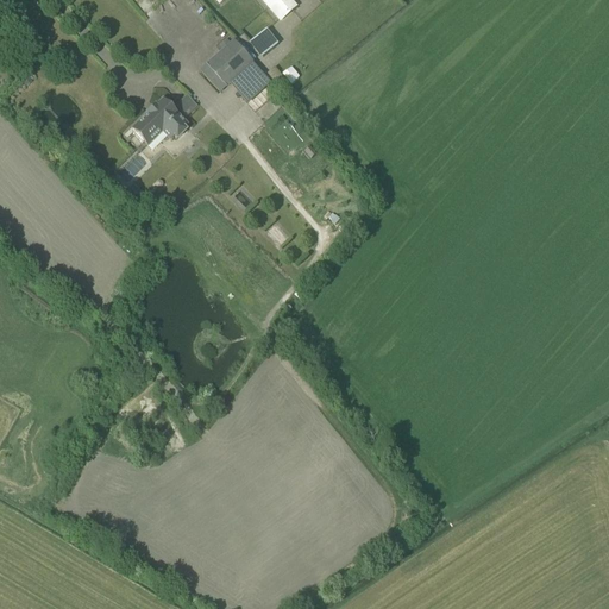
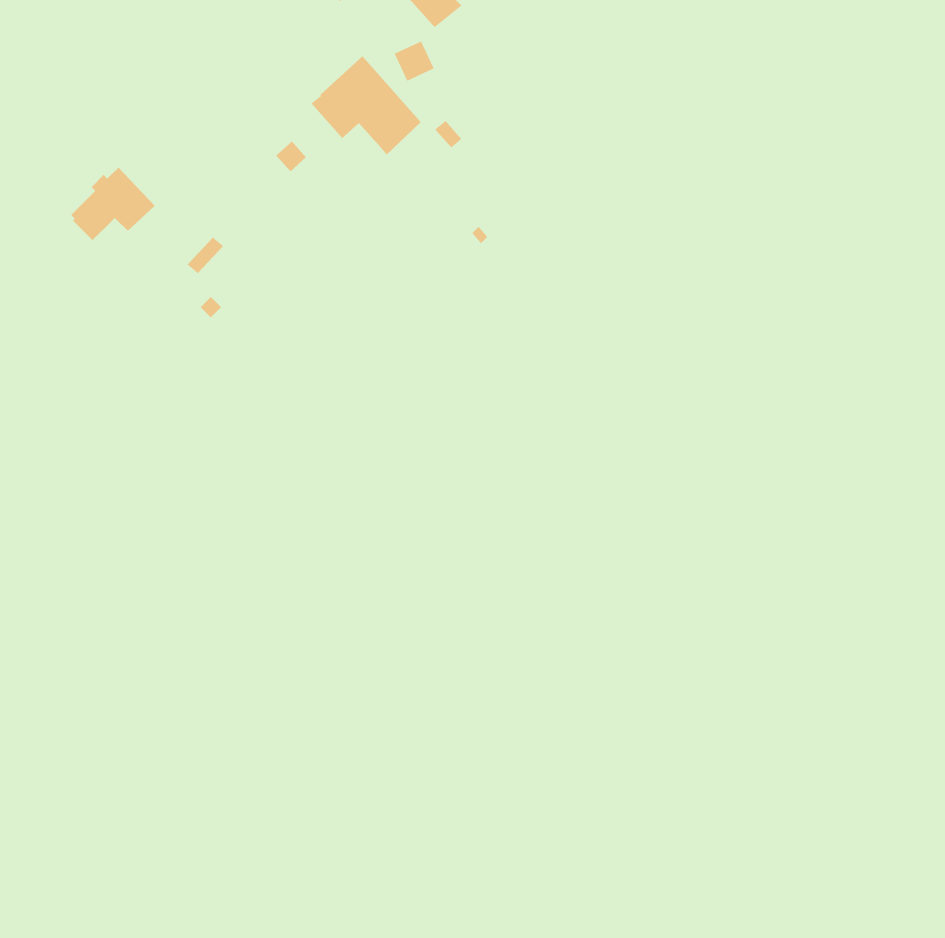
building: [132,98,187,145] -> [70,167,155,241]

